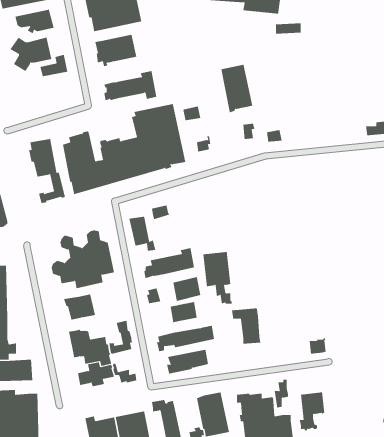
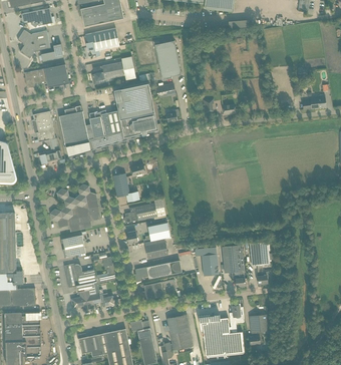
building: [220,64,253,113] -> [155,41,182,80]
building: none -> [24,64,69,88]
building: [202,252,232,304] -> [222,245,246,287]
building: none -> [250,242,270,266]

